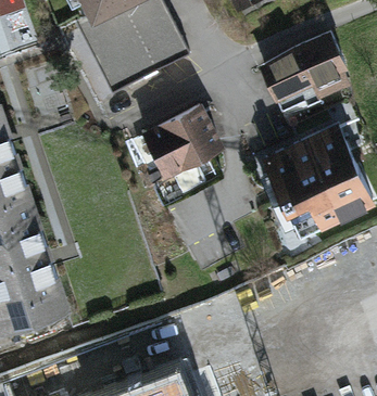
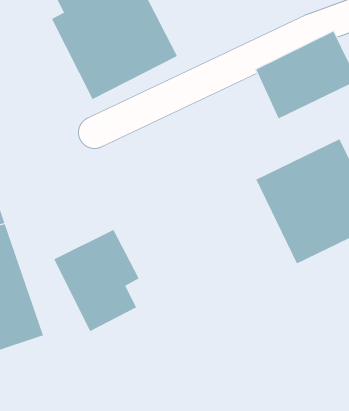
building: [141,99,218,191] -> [54,229,139,332]

